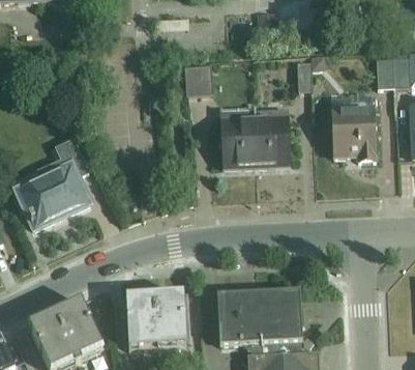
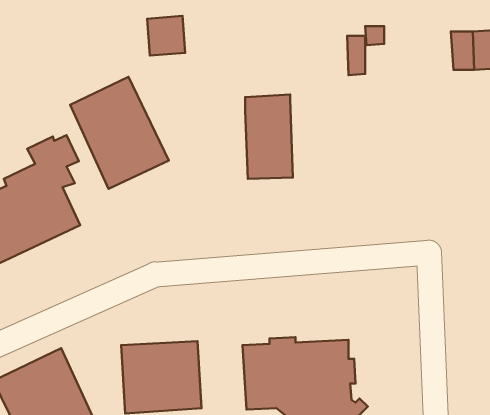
building: [184,63,213,93] -> [147,16,185,56]
building: [329,91,377,161] -> none
building: none -> [70,77,169,189]
building: [254,107,290,168] -> none

